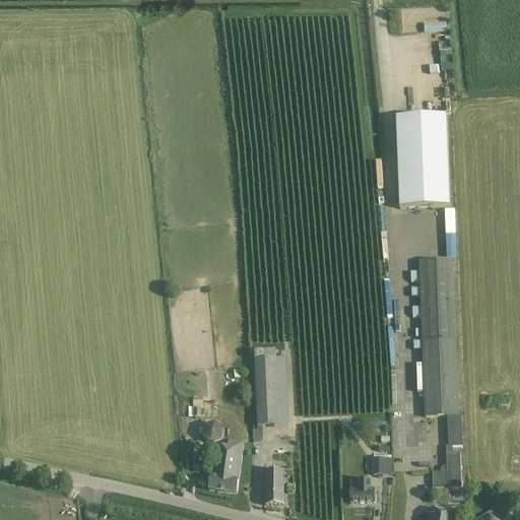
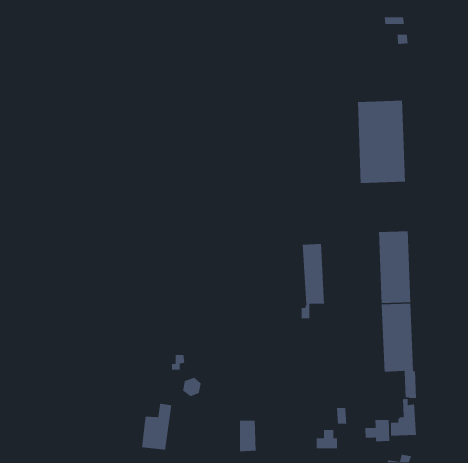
building: [253,354,279,439] -> [301,243,325,319]
building: [209,437,244,490] -> [141,403,172,450]
building: none -> [364,419,390,442]

